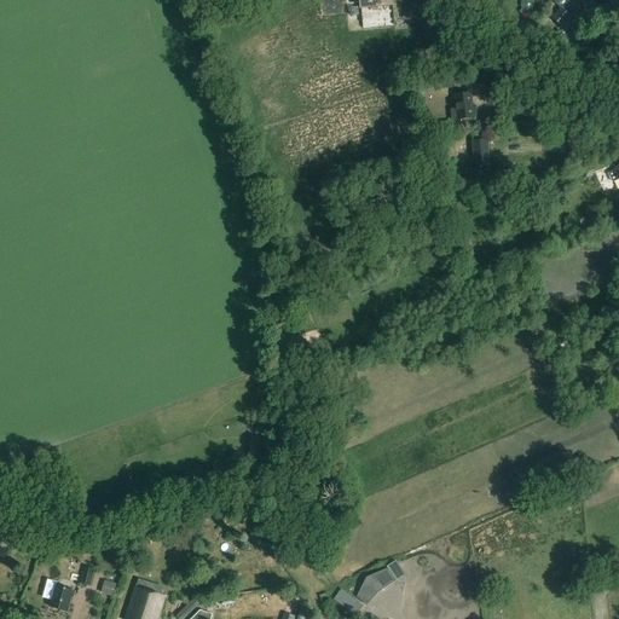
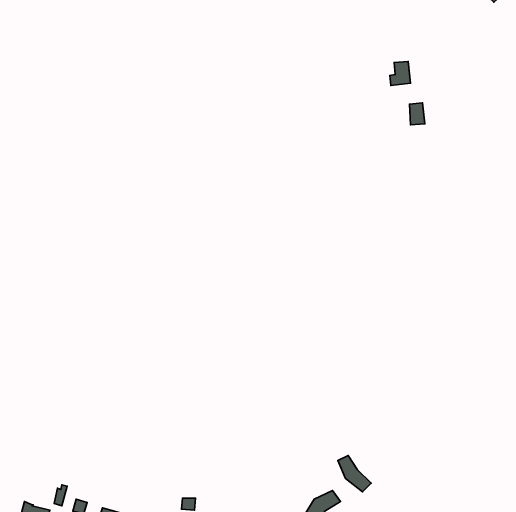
building: none -> [338,455,371,492]

